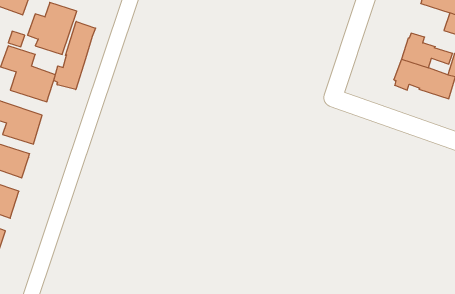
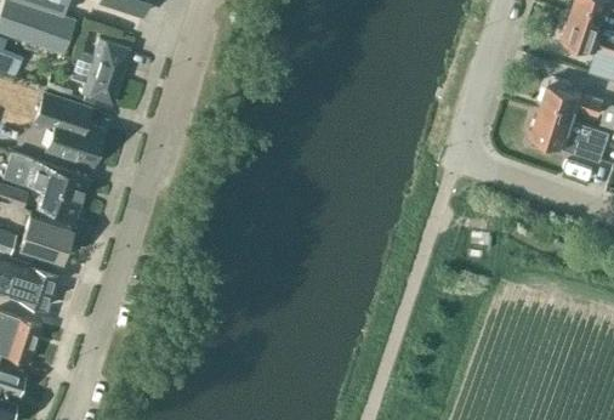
building: [54,21,96,90] -> none

